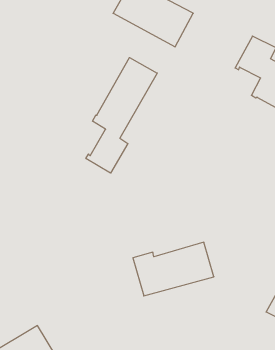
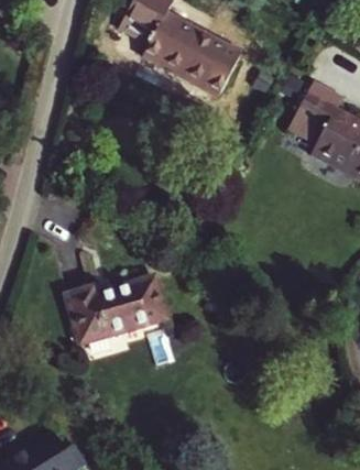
building: [86,58,157,173] -> none
building: [133,242,214,296] -> [68,276,166,341]

